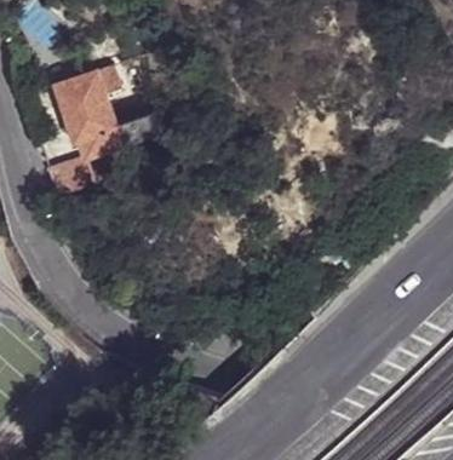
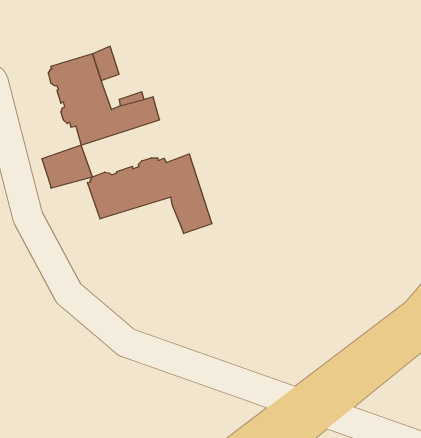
building: none -> [87,154,212,234]

